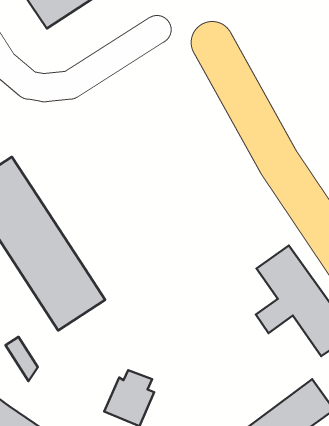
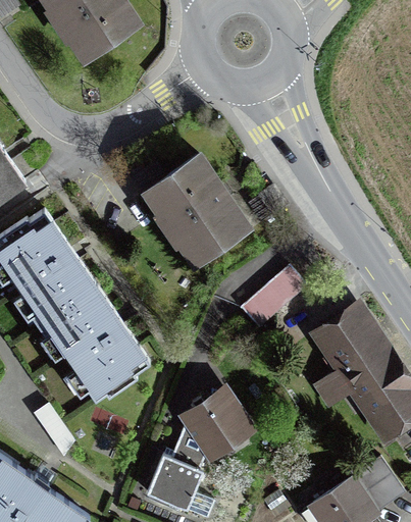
building: none -> [141,156,254,274]
building: none -> [240,269,306,331]
building: none -> [173,388,249,455]

